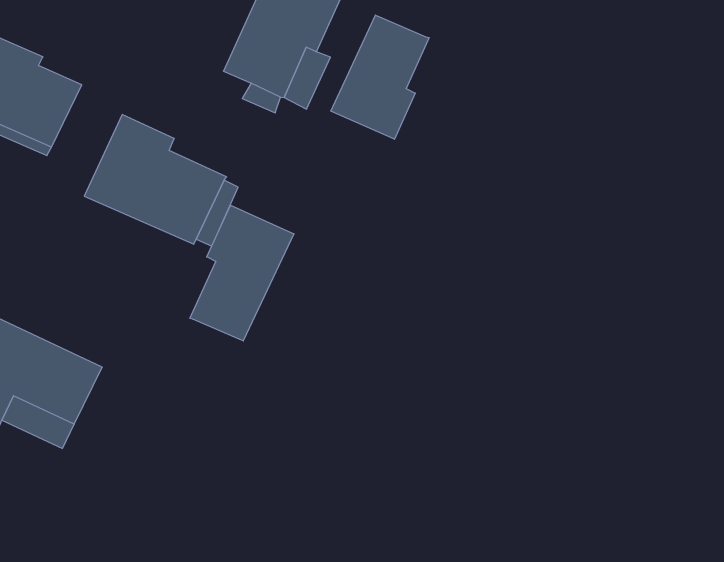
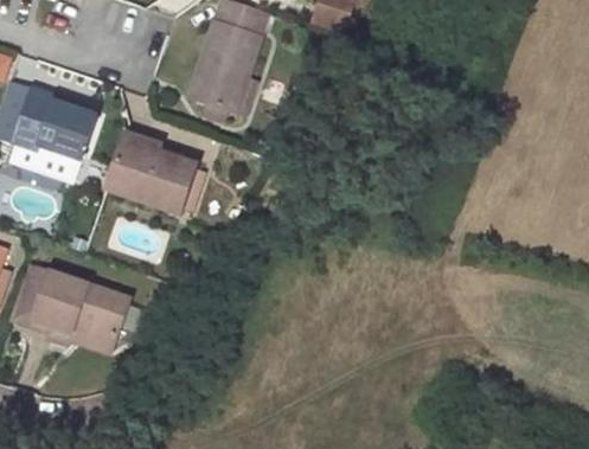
building: [331,15,429,139] -> none
building: [190,205,294,341] -> none

